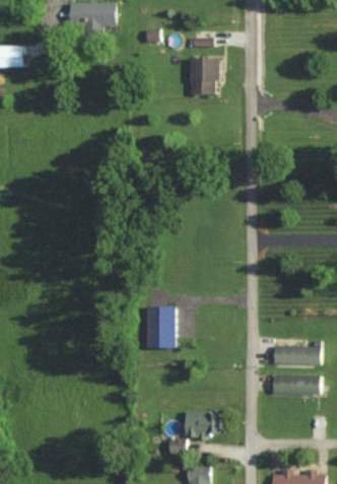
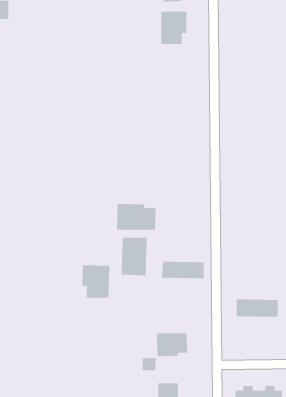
building: none -> [116,203,156,231]
building: none -> [82,265,110,299]
building: [273,345,321,364] -> [161,261,205,279]

